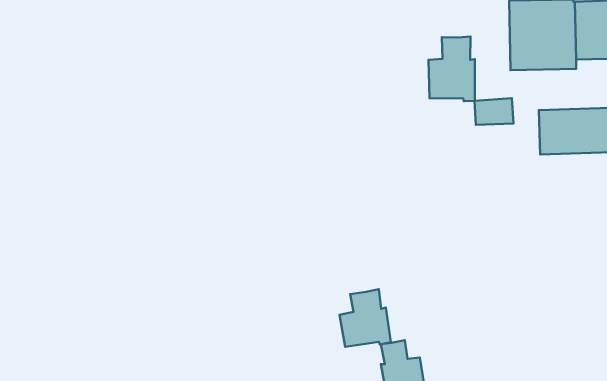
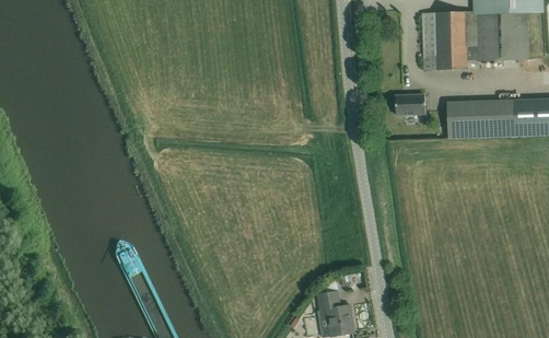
building: [428,37,475,101] -> none
building: [340,289,391,347] -> none

